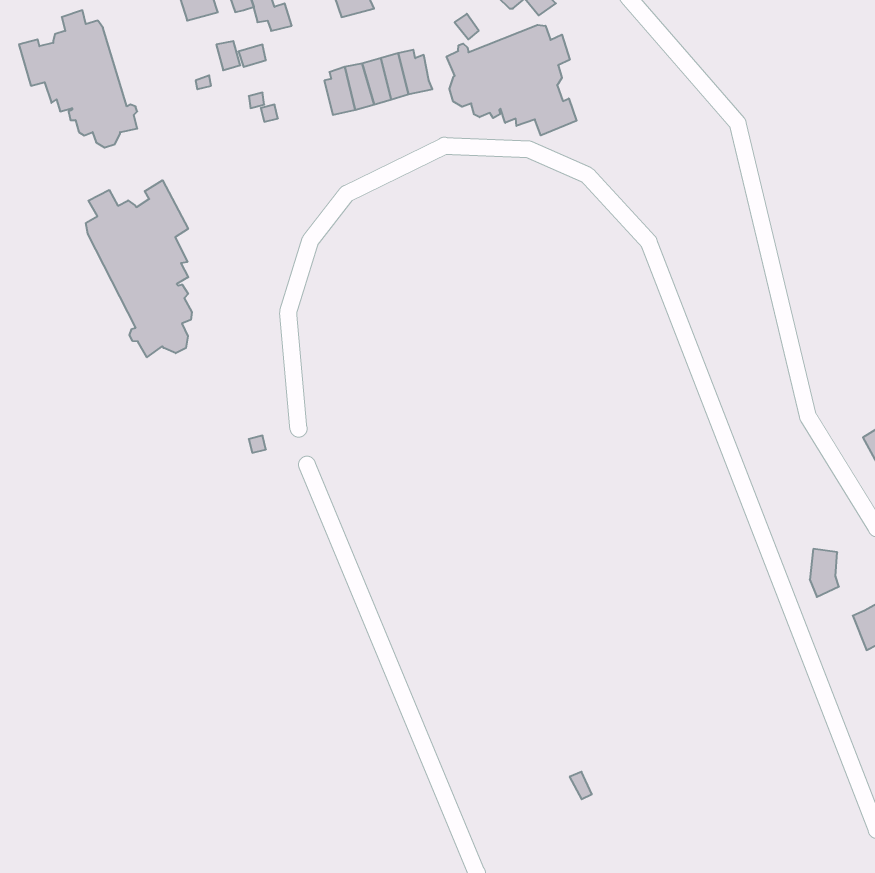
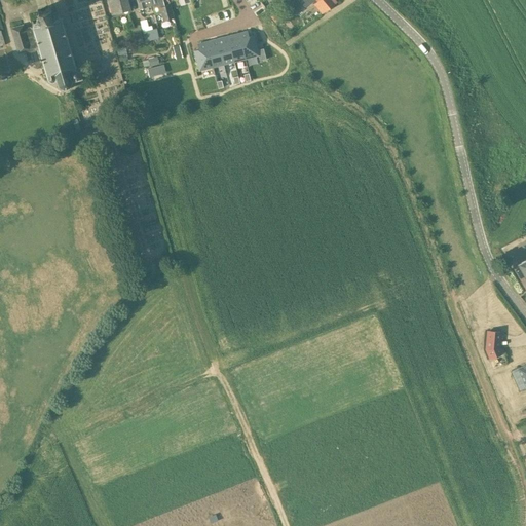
building: [447,25,577,135] -> none
building: [86,180,192,357] -> none

